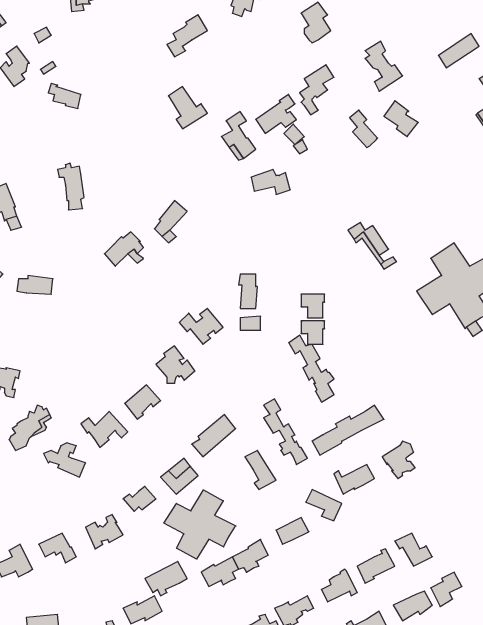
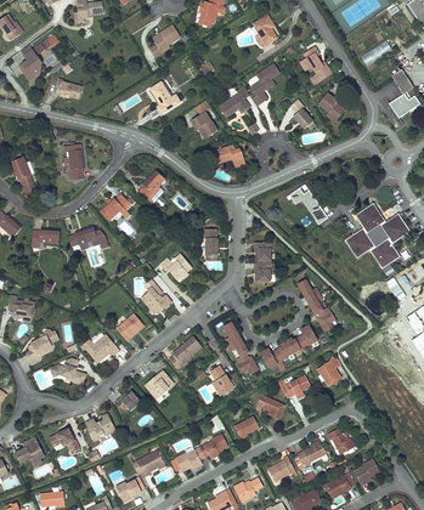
building: none -> [68,226,108,249]
building: [289,335,334,402] -> [300,279,335,331]
building: [164,490,236,559] -> none

